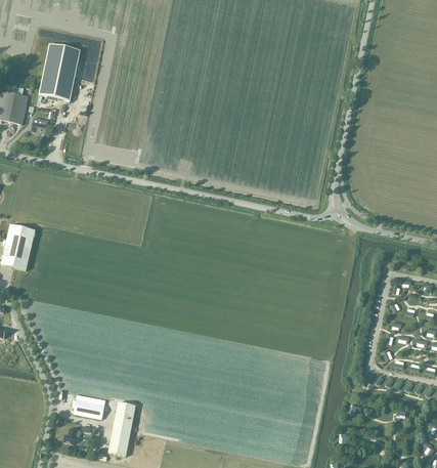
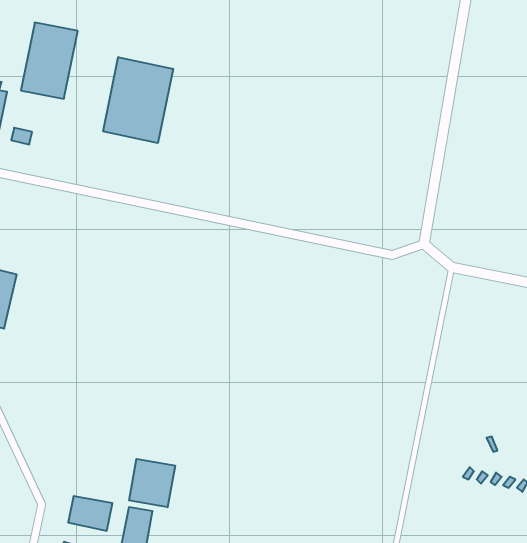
building: none -> [103,57,173,143]
building: none -> [129,459,175,507]

